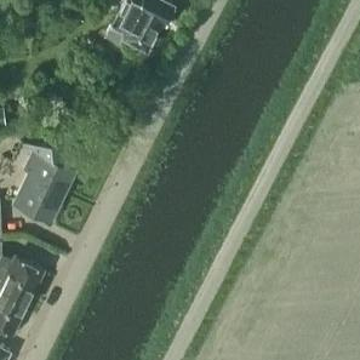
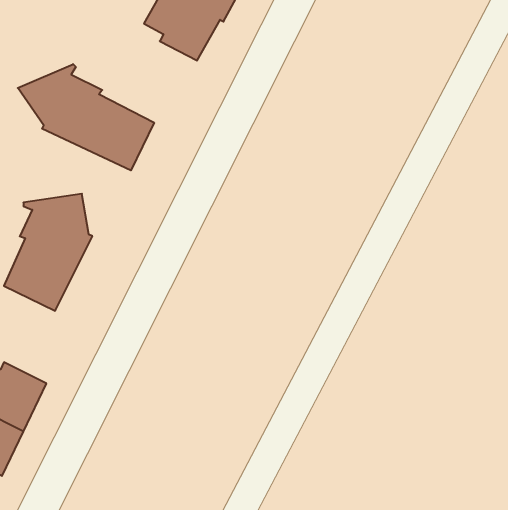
building: none -> [18,64,154,170]

